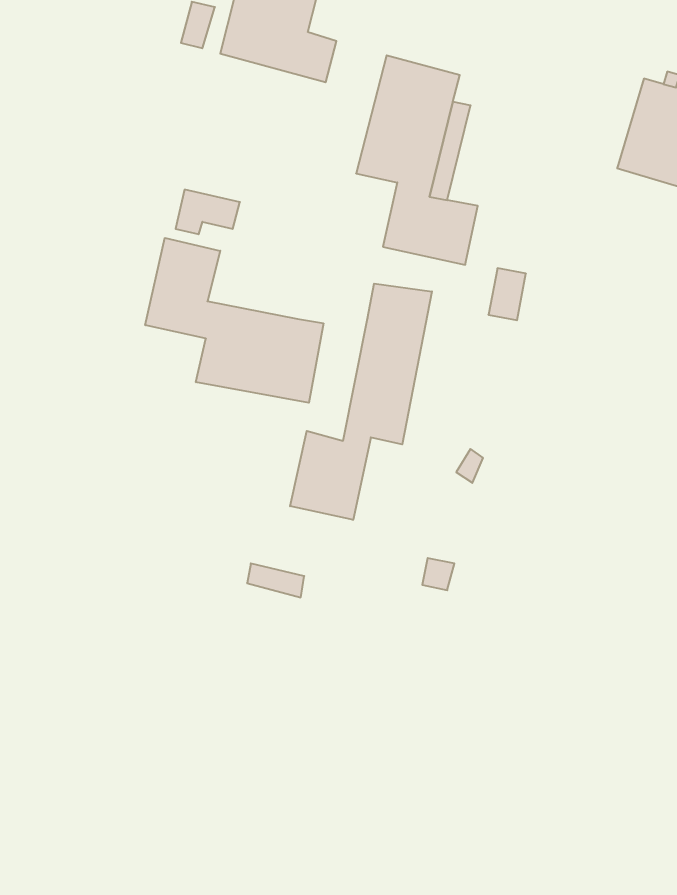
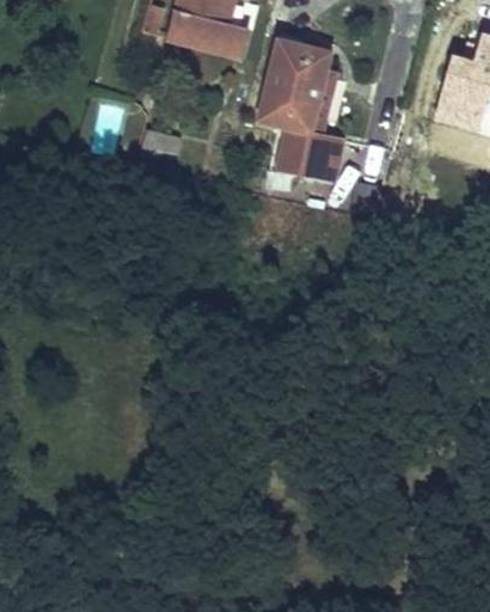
building: [145,238,323,403] -> none
building: [290,284,432,520] -> none

